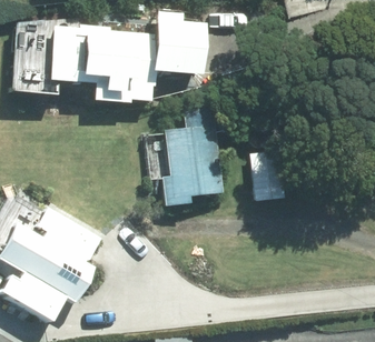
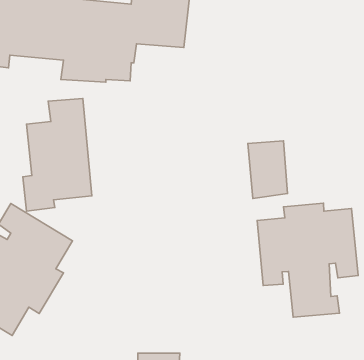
building: [162,107,223,204] -> [23,99,92,211]
building: none -> [257,203,358,317]

